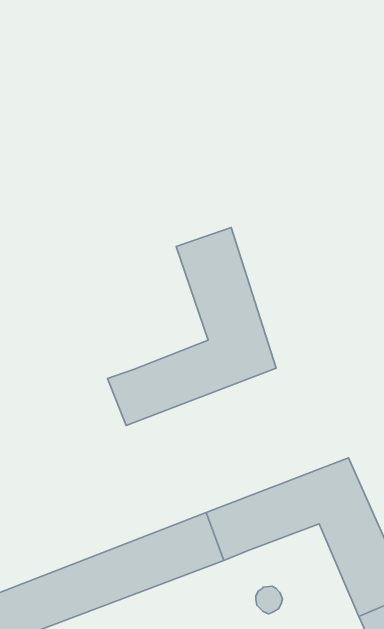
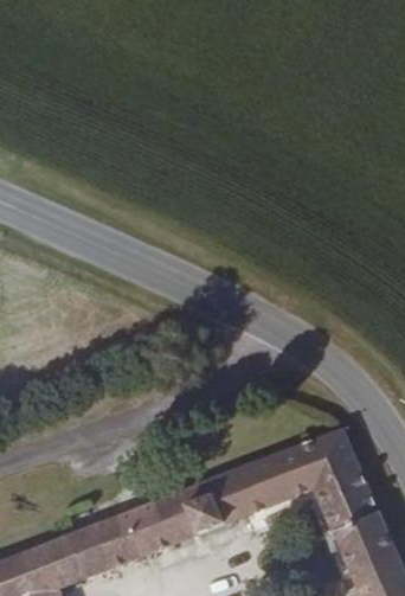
building: [107,228,276,426] -> none

